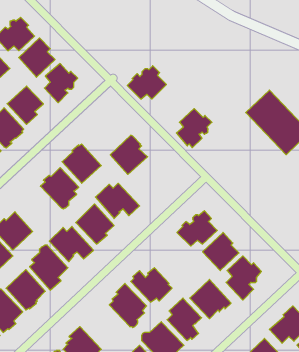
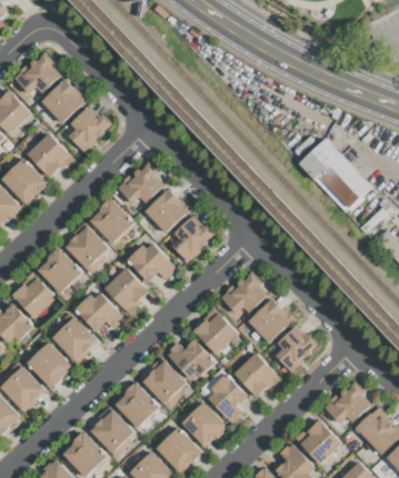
building: [127,66,166,99] -> [118,166,162,203]
building: [176,109,212,148] -> [171,218,211,262]
building: none -> [38,248,83,293]
building: none -> [193,307,238,353]
building: none -> [116,381,160,427]

